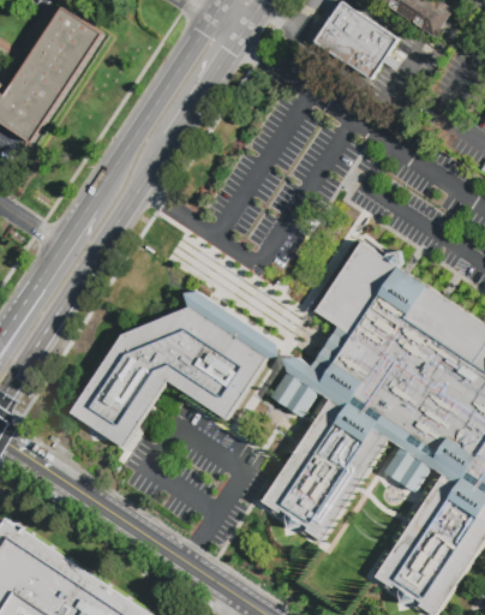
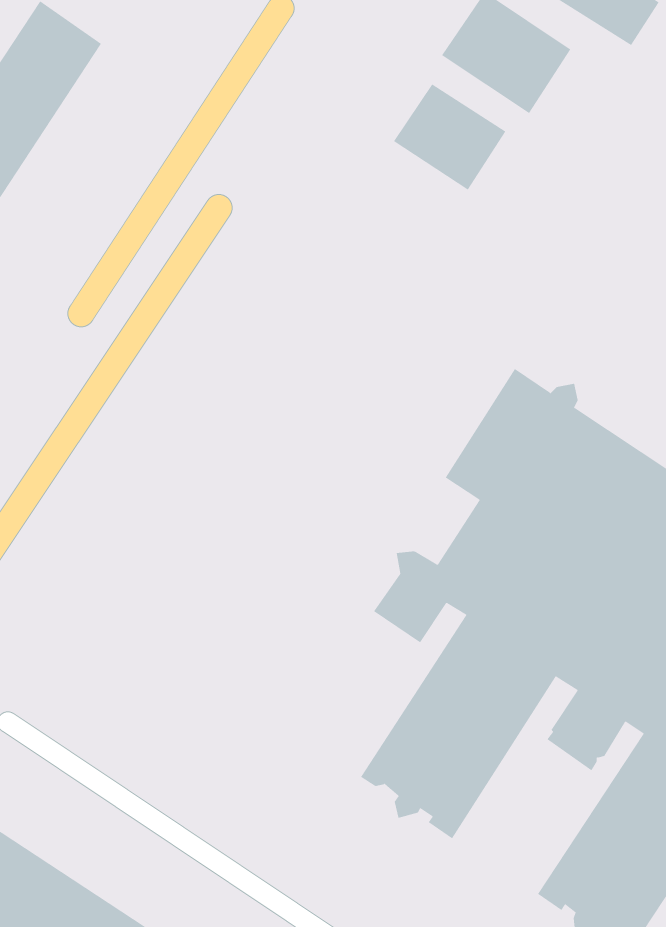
building: none -> [393,83,506,191]
building: [72,291,279,446] -> none

